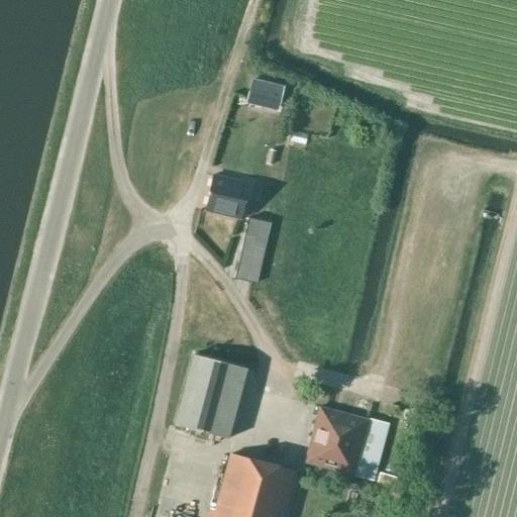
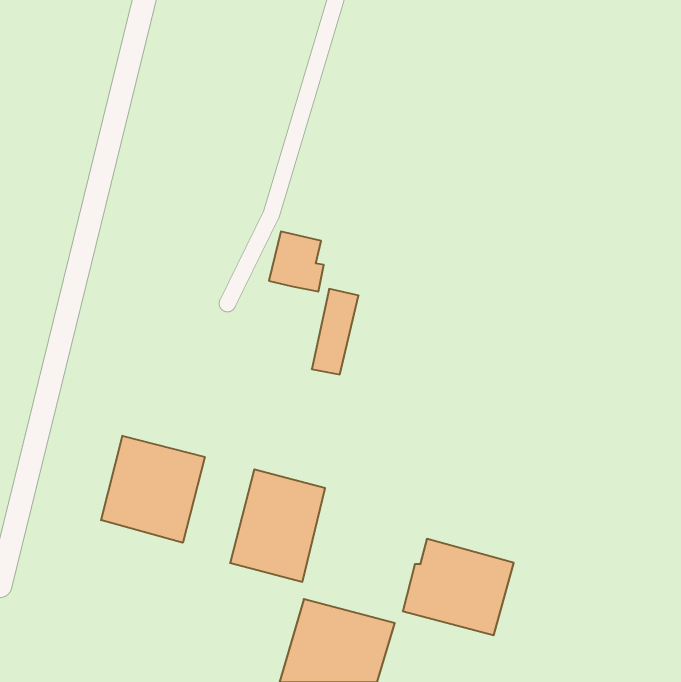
building: [247,79,286,111] -> none
building: none -> [101,436,205,543]

